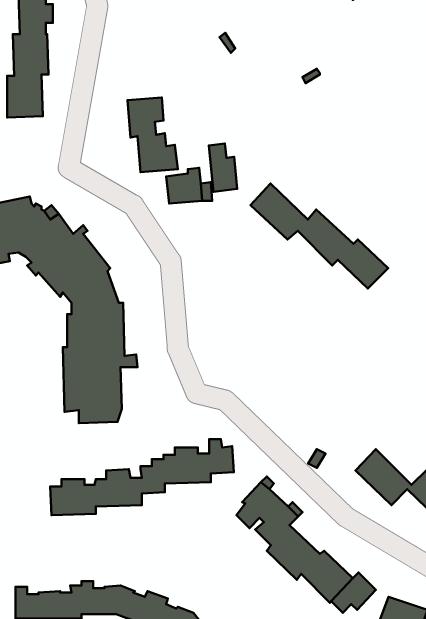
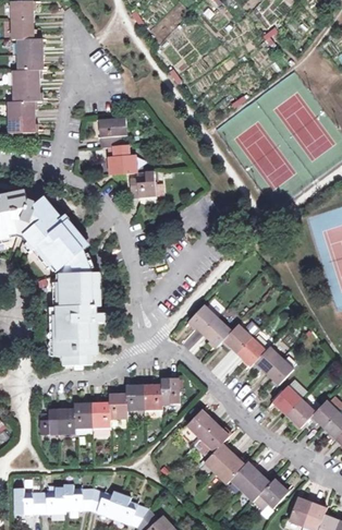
building: [209,144,237,192] -> none
building: [250,184,388,288] -> [188,304,293,384]

